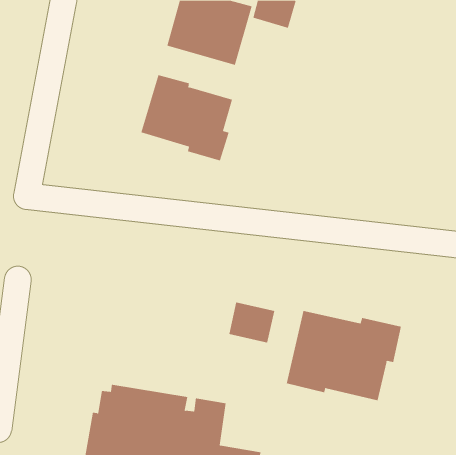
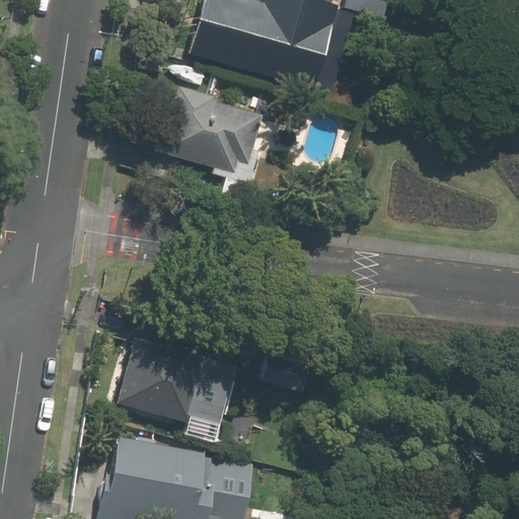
building: none -> [117,337,238,426]
building: [286,310,401,401] -> none

